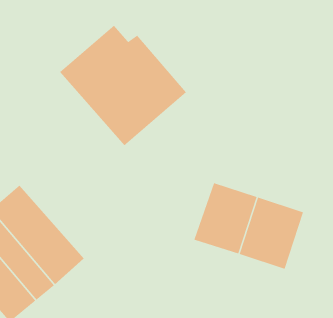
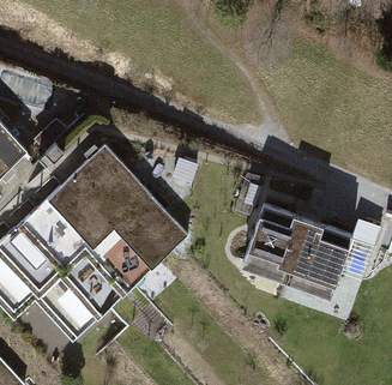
building: [59,25,187,146] -> [48,155,187,287]

